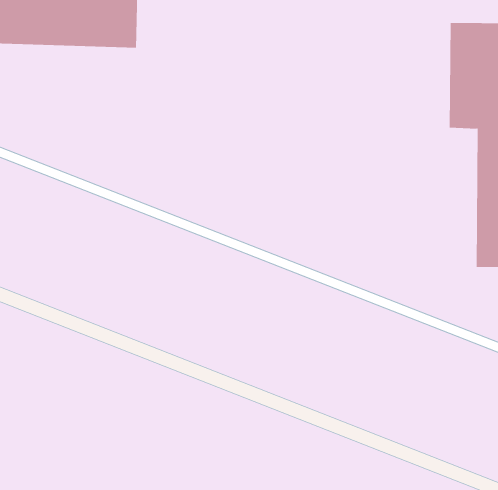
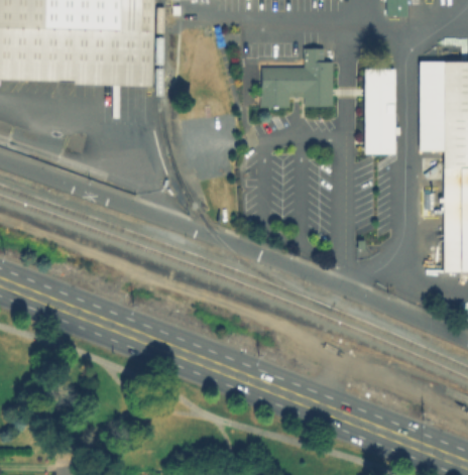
building: none -> [259,47,332,107]
building: none -> [364,68,394,152]

